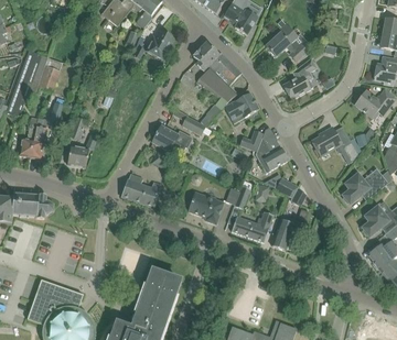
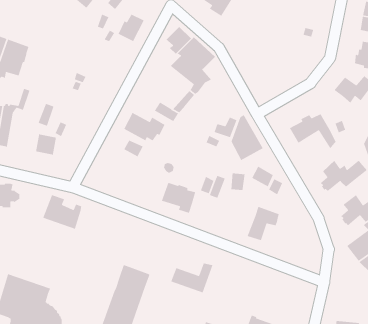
building: [267,23,309,59] -> none
building: [283,56,316,98] -> none
building: [225,91,259,122] -> none
building: [121,173,160,207] -> [42,194,82,230]
building: [232,211,273,241] -> [170,262,214,293]

